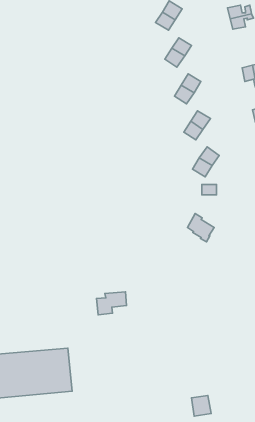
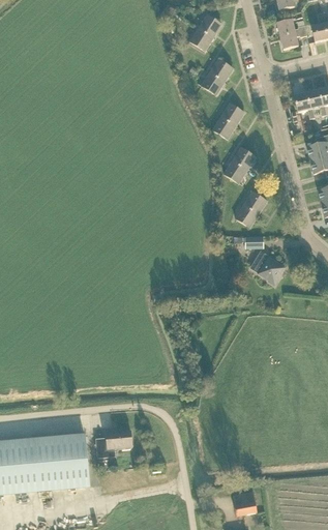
building: [188,214,214,242] -> [251,252,284,286]
building: [96,292,126,315] -> [95,431,131,459]

